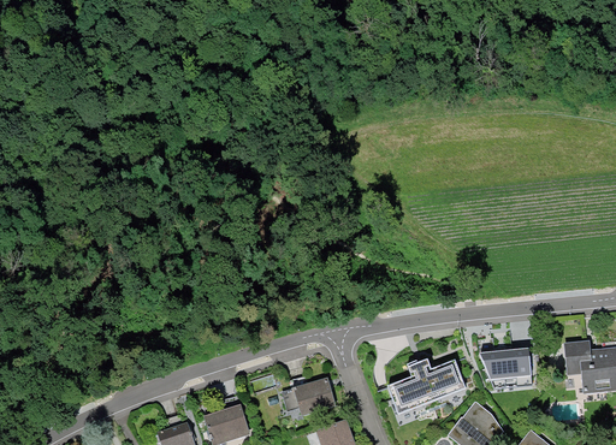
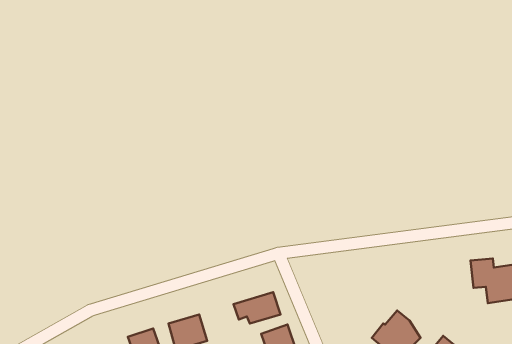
building: [479,346,532,386] -> none
building: [386,357,464,413] -> none

